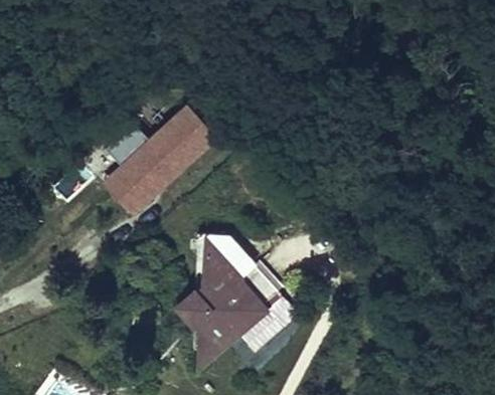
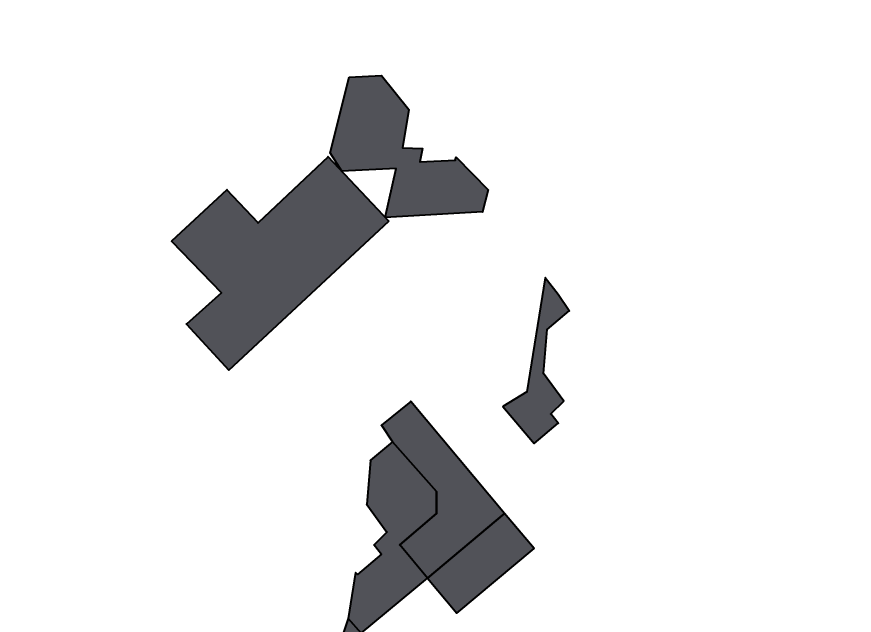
building: none -> [330,76,488,217]
building: [183,238,219,329] -> [503,278,569,443]

